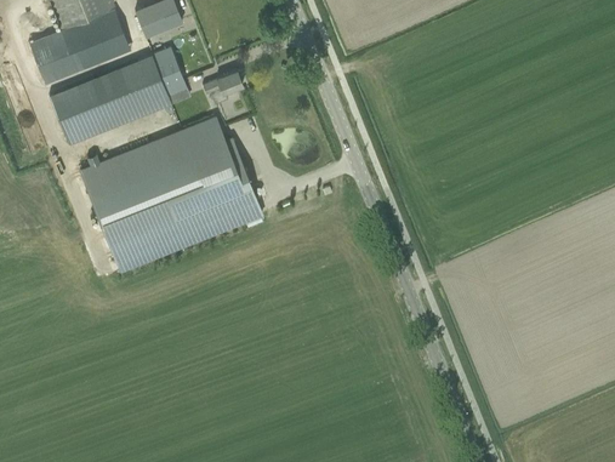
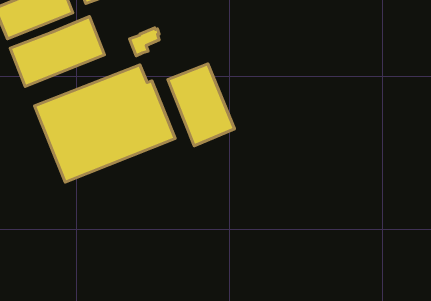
building: [152,49,187,96] -> none
building: none -> [168,64,235,146]

